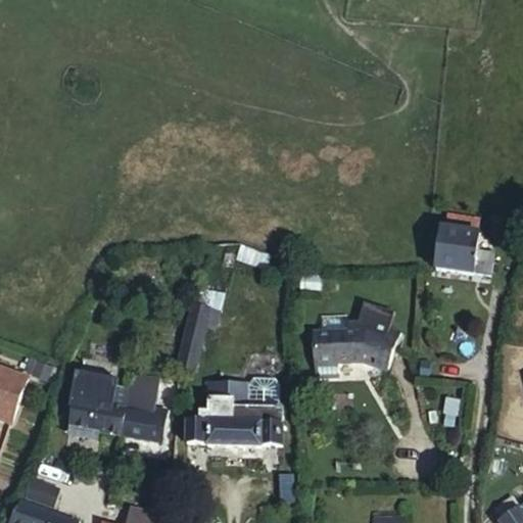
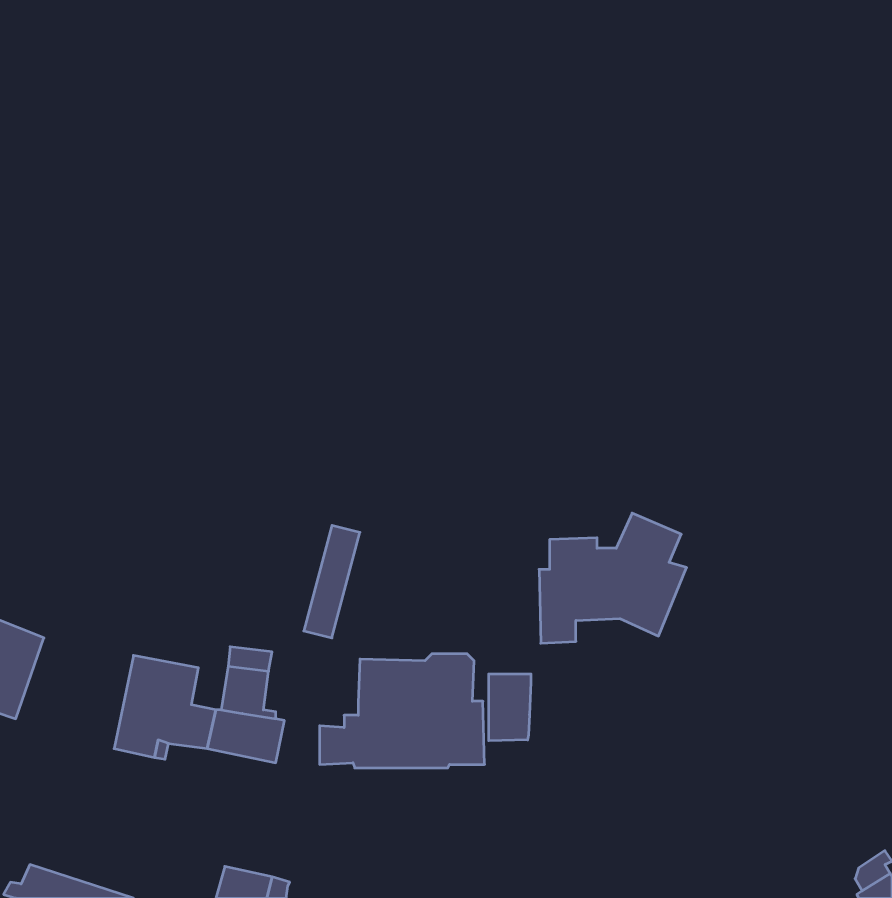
building: [434,227,492,275] -> none
building: none -> [489,674,531,741]

